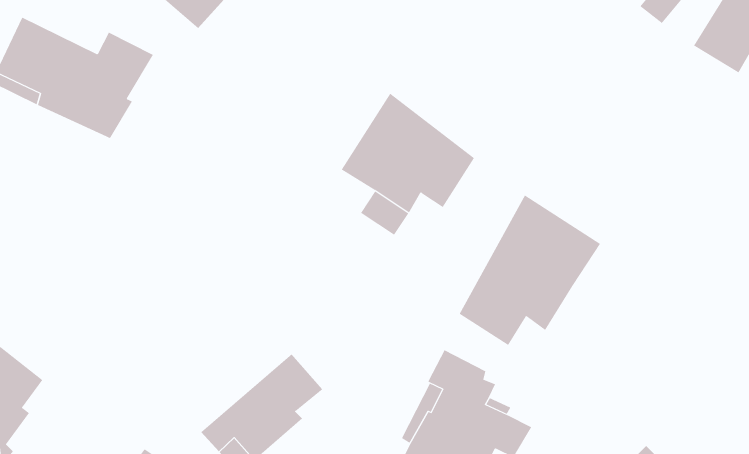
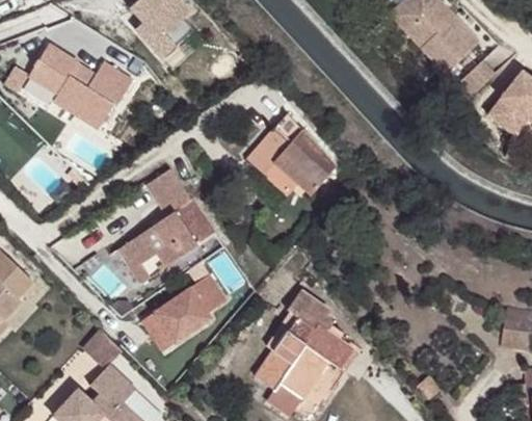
building: none -> [115,167,213,286]
building: [459,194,601,346] -> none

